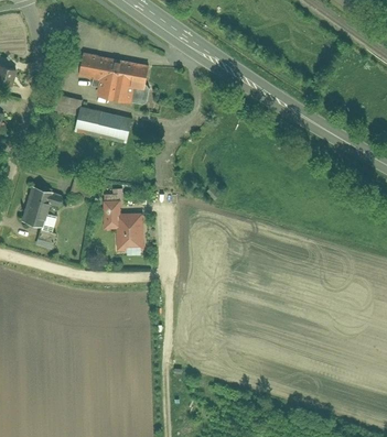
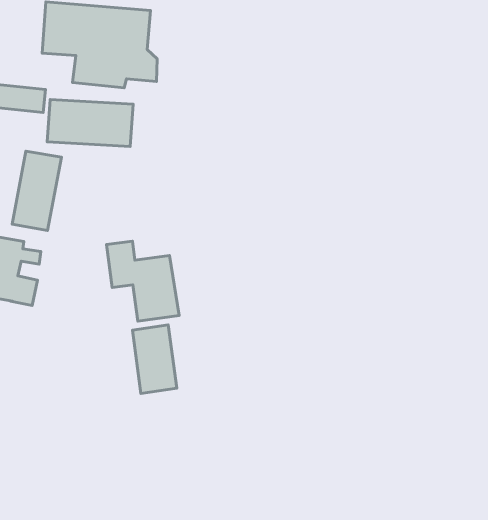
building: none -> [12,151,62,230]
building: none -> [132,325,177,393]

